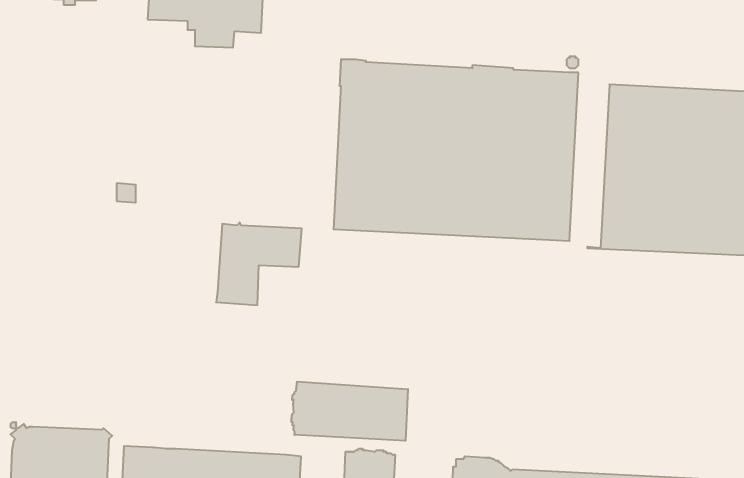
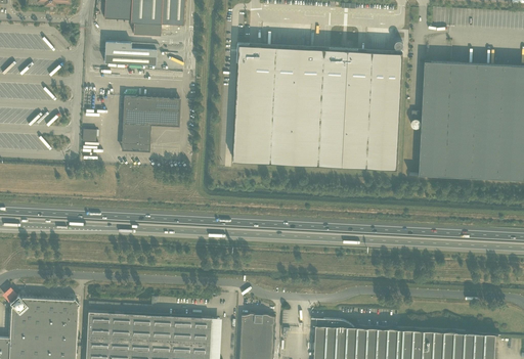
building: none -> [104,42,160,65]
building: [216,222,302,305] -> [121,96,180,153]
building: [291,382,408,441] -> none

